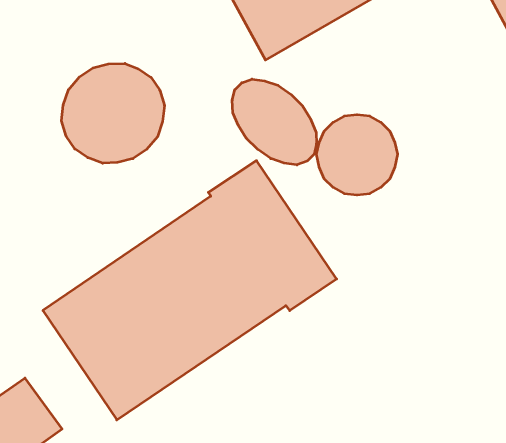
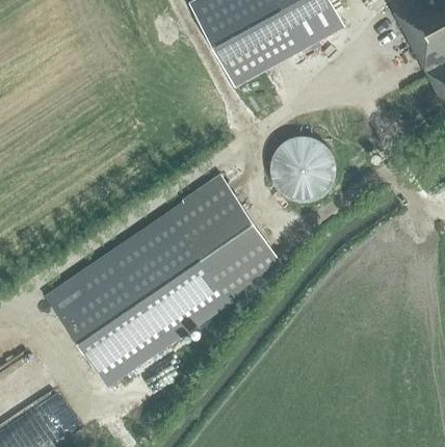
building: [61,63,164,163] -> none
building: [232,79,316,165] -> none

